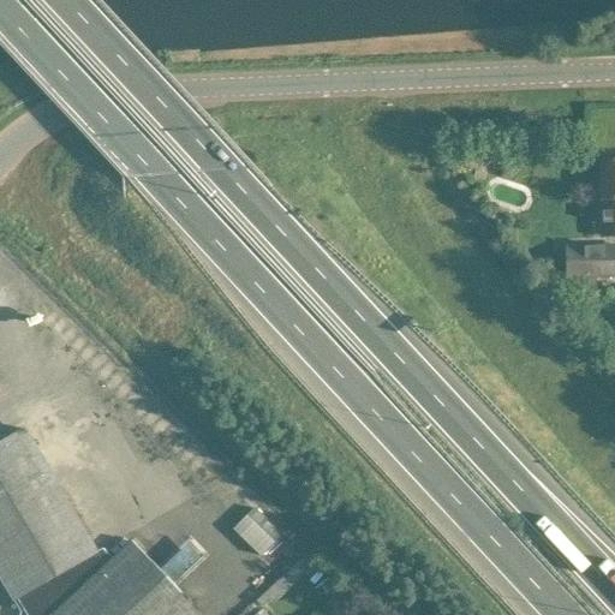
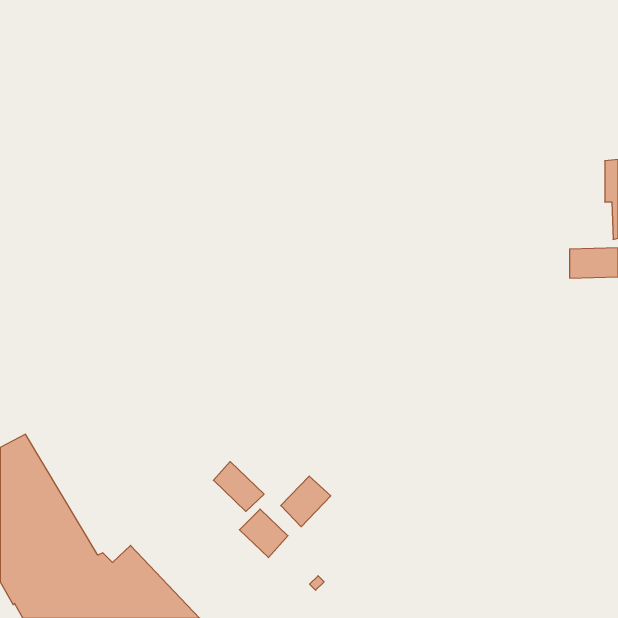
building: none -> [213,462,264,511]
building: none -> [281,476,331,527]

